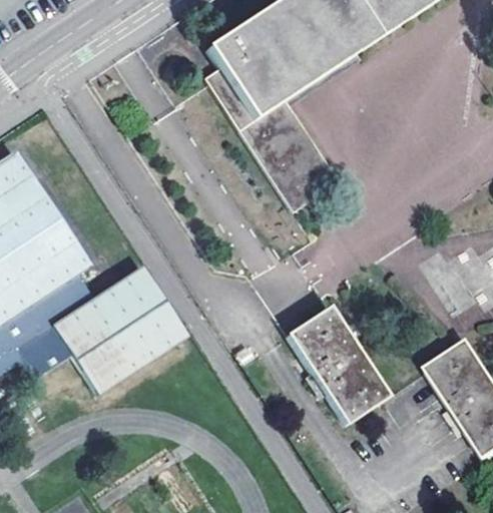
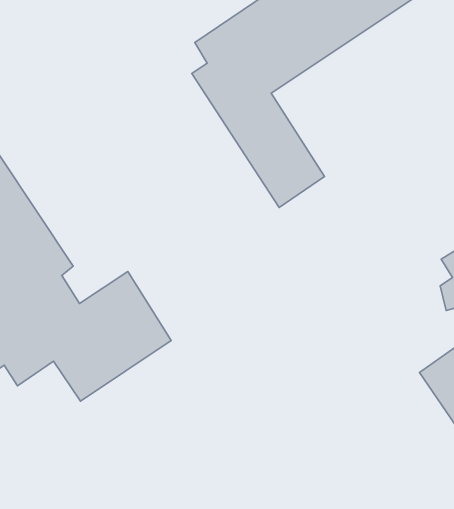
building: [286,301,387,418] -> none

